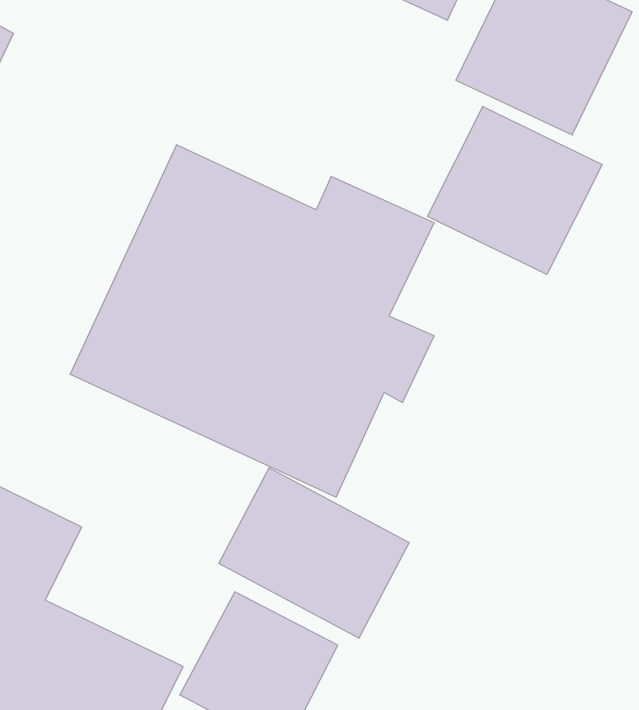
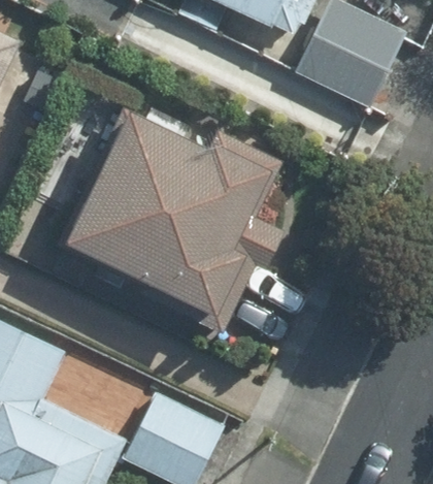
building: [428,106,602,274] -> none
building: [219,468,409,638] -> none

